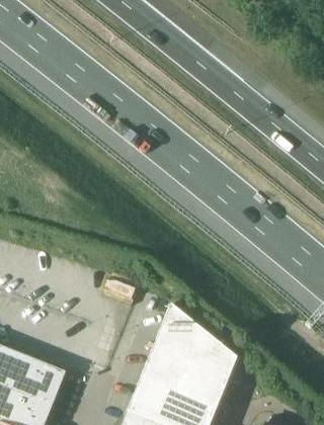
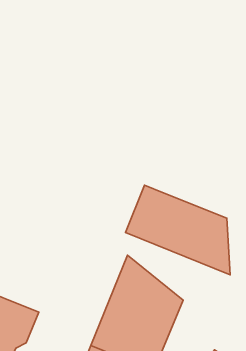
building: none -> [125,185,230,275]

